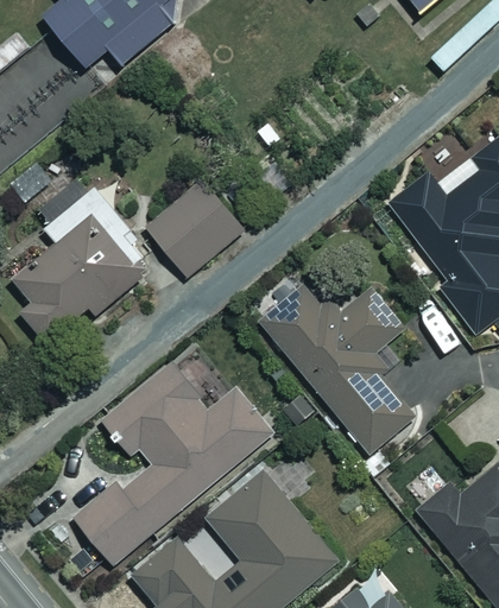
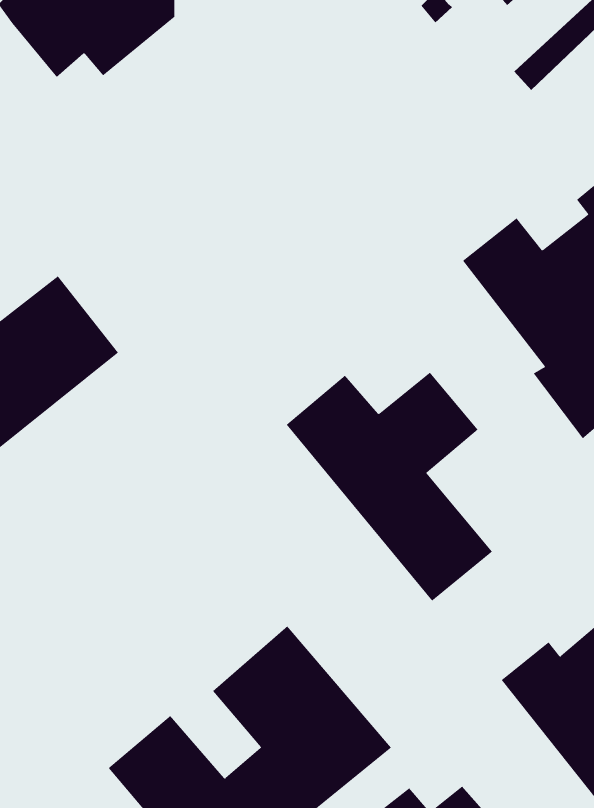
building: [147,173,251,277] -> none
building: [75,362,271,563] -> none

